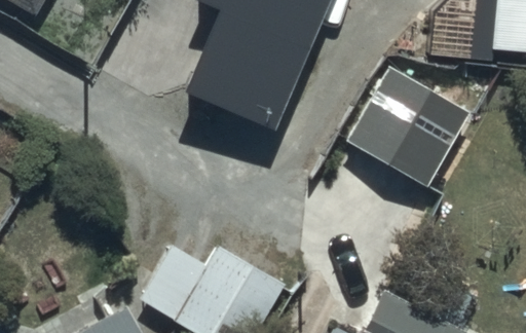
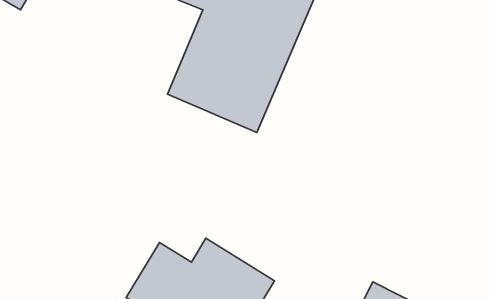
building: [337,66,471,189] -> none

